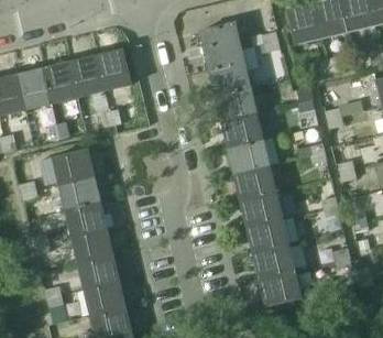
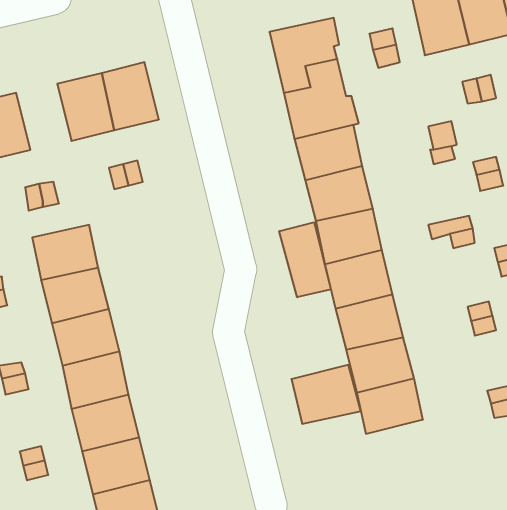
building: [43,62,77,102] -> none
building: none -> [279,222,331,297]
building: [259,269,302,305] -> [291,365,361,424]

